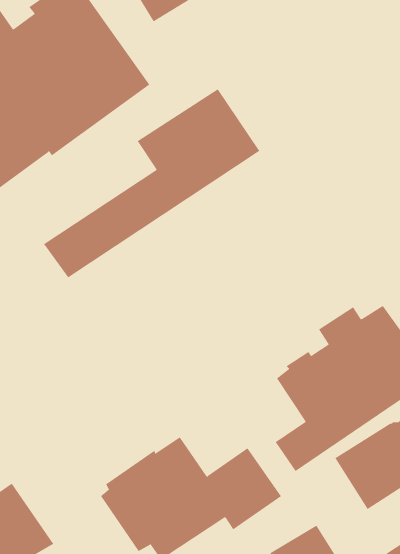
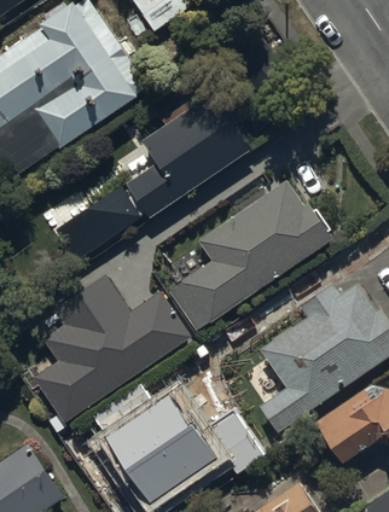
building: none -> [168,184,333,333]
building: none -> [31,272,187,419]

